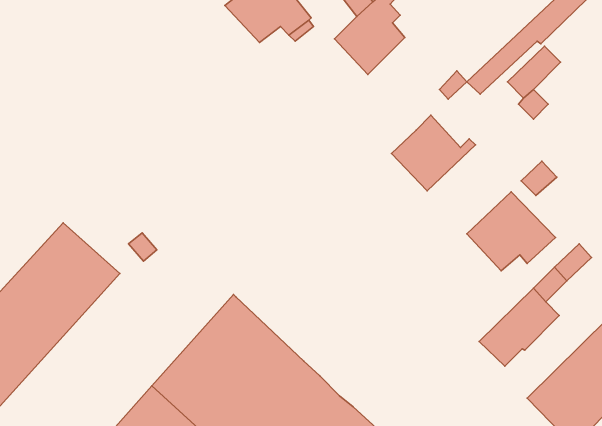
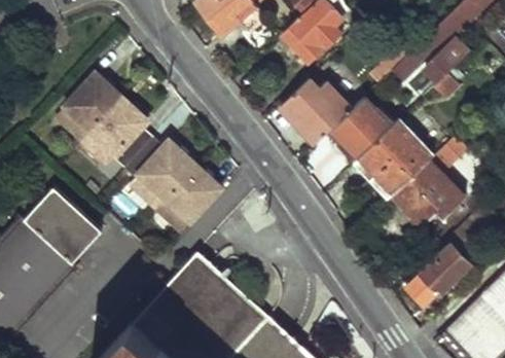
building: none -> [59,72,222,230]
building: none -> [279,79,350,144]
building: none -> [359,121,434,196]

